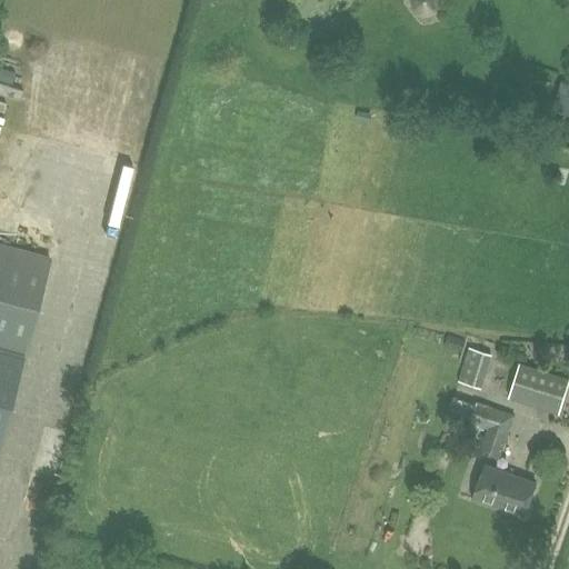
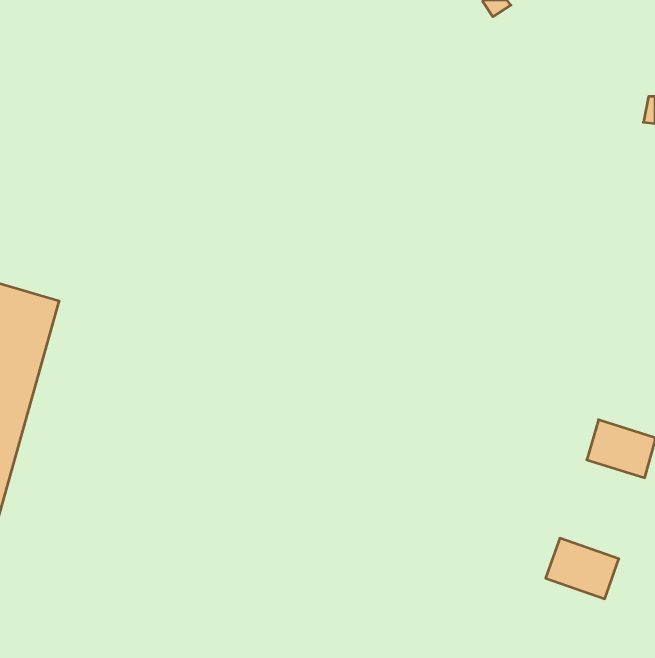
building: [455,347,490,389] -> none
building: [446,398,513,457] -> none

